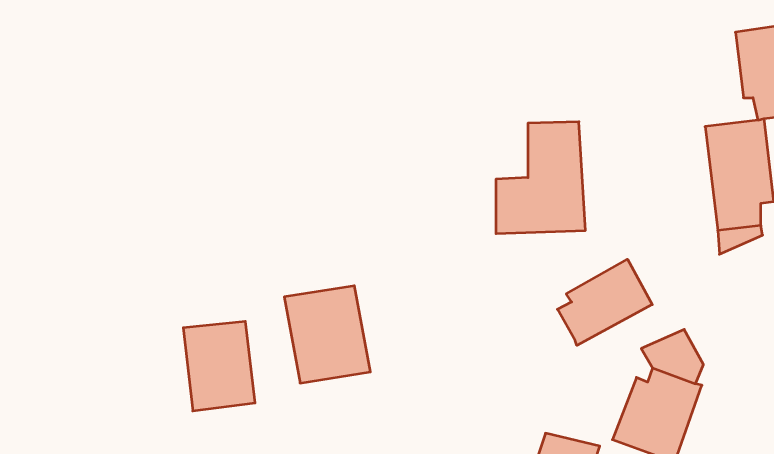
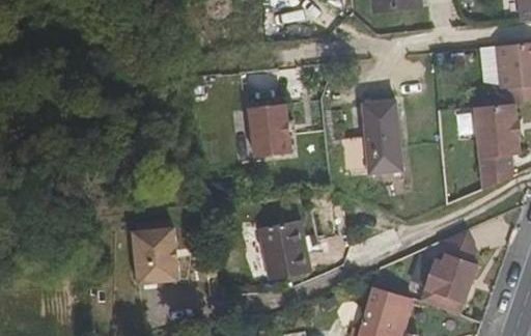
building: none -> [252,104,292,155]
building: [557,259,652,345] -> none
building: [284,286,370,383] -> [256,217,312,280]

